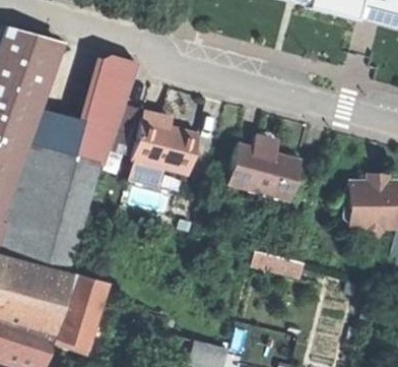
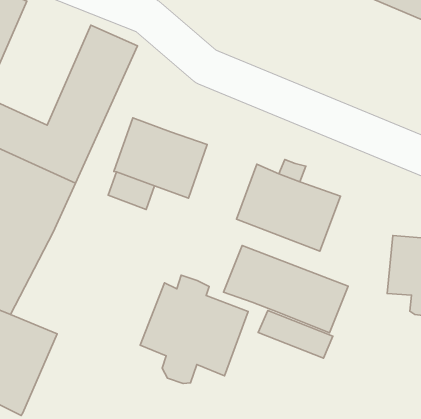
building: none -> [224,246,348,333]
building: none -> [140,275,248,384]

